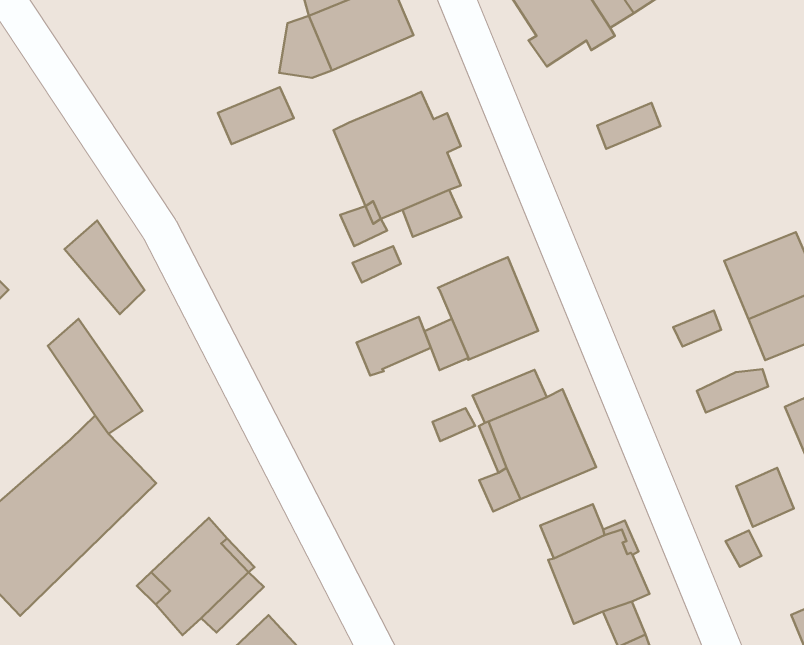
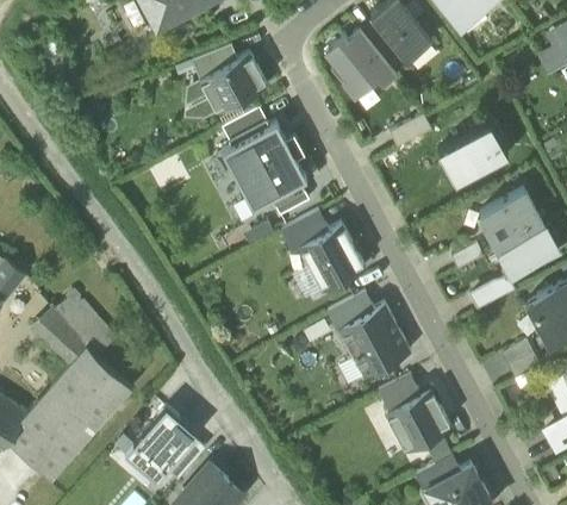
building: [218,87,294,144] -> [220,108,269,148]
building: none -> [437,124,507,186]
building: [65,220,145,314] -> [33,308,87,367]
building: [357,317,431,376] -> [280,212,328,252]

